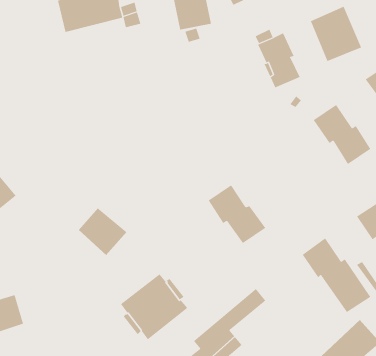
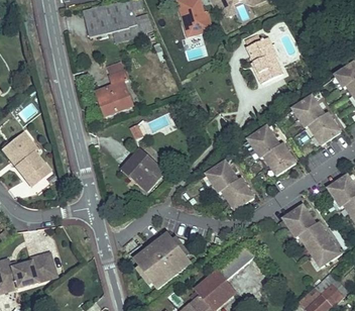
building: [310,6,362,62] -> none
building: none -> [96,61,132,115]
building: none -> [248,126,295,175]
building: [78,208,127,256] -> [123,149,163,189]

